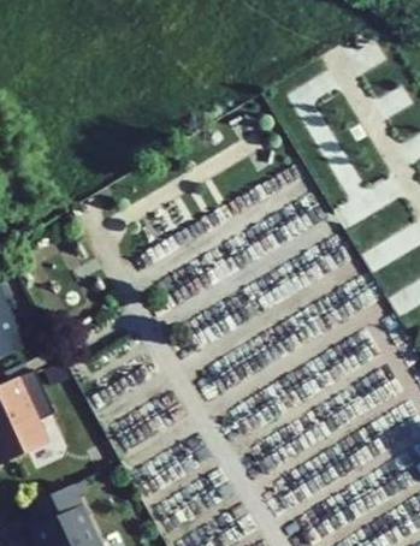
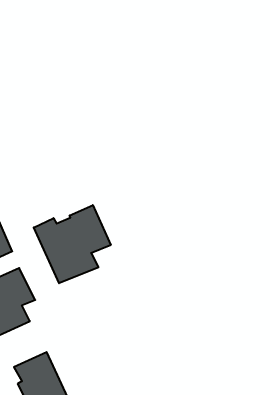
building: none -> [34,205,111,283]

